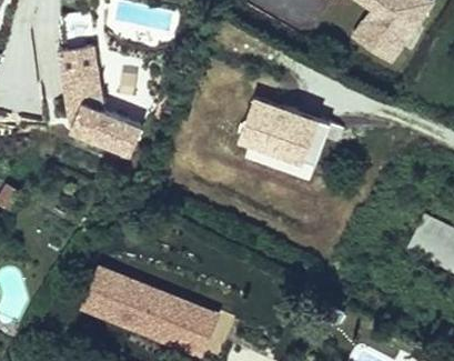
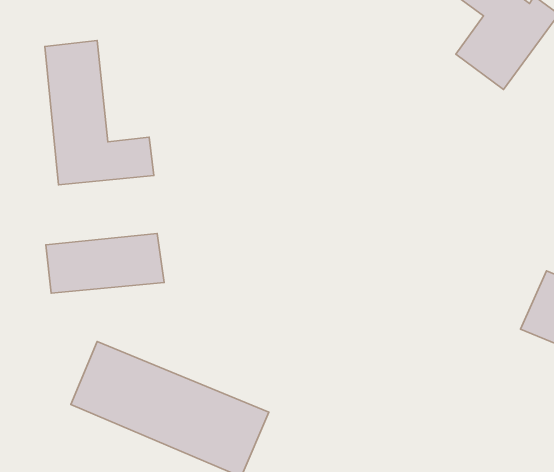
building: [235,94,331,180] -> none
building: none -> [46,234,164,293]

